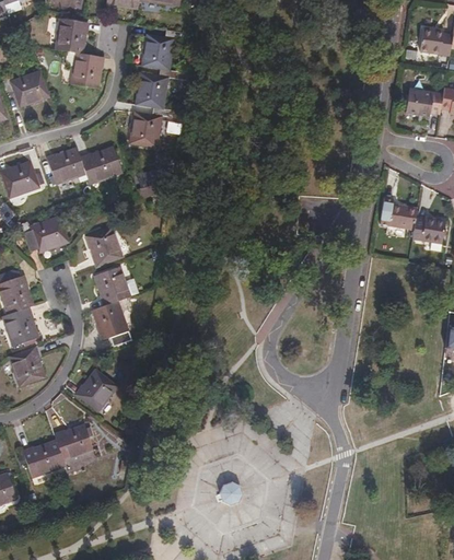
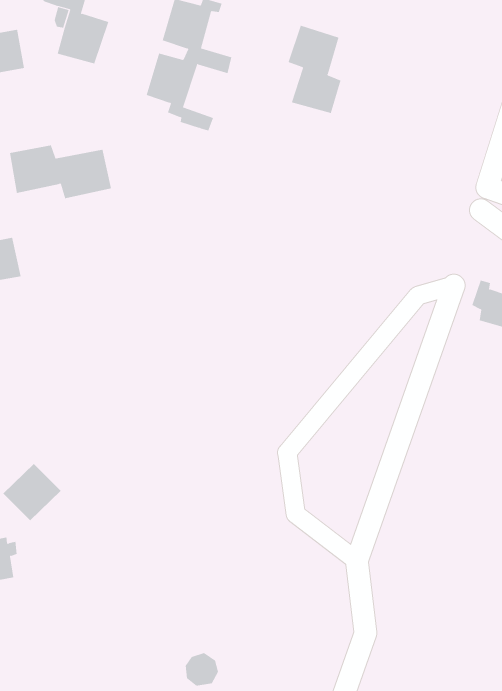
building: none -> [288,25,341,114]
building: [129,112,162,147] -> none
building: [85,226,123,266] -> none
building: [91,266,138,346] -> none

